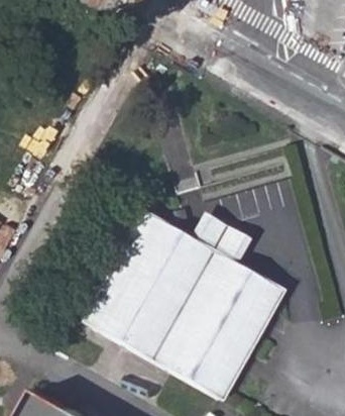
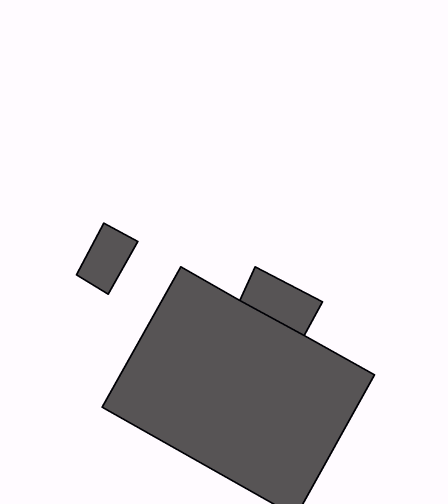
building: none -> [76,223,138,294]

